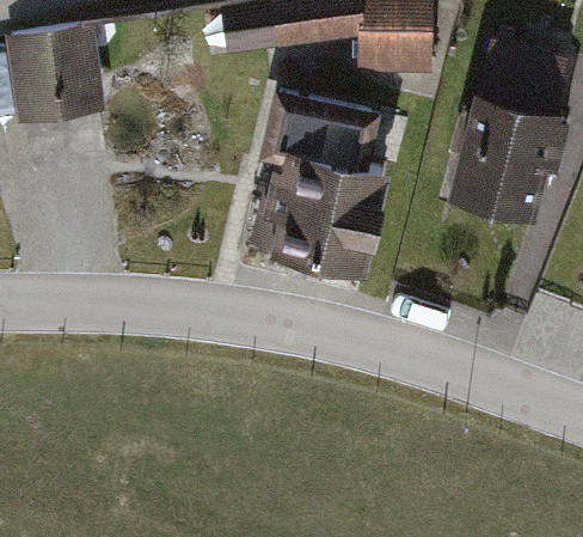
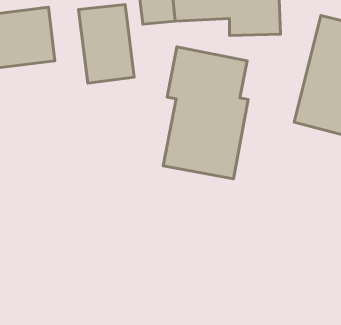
building: none -> [79,4,134,83]

